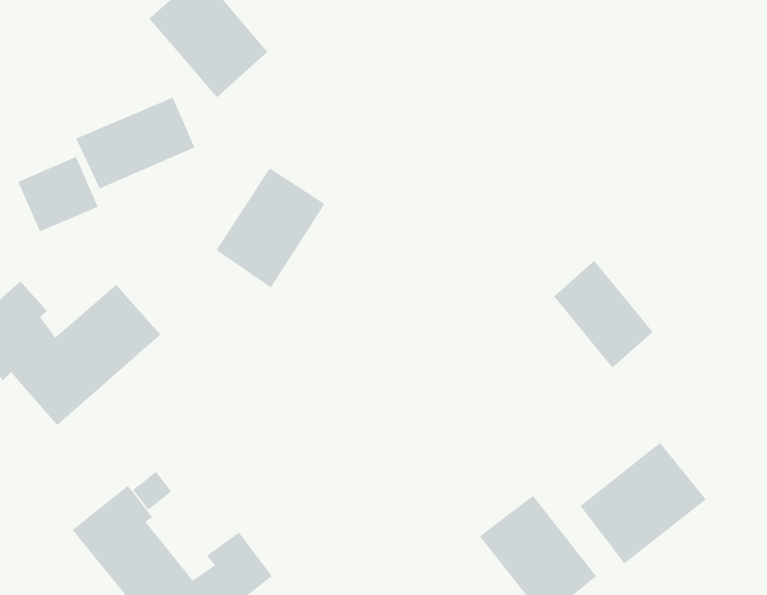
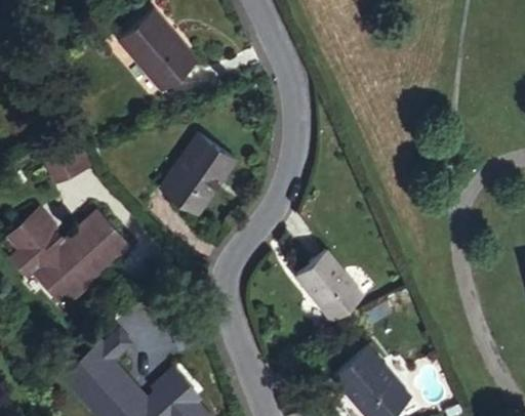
building: [75,97,195,189] -> none
building: [553,260,654,369] -> [296,251,361,321]
building: [579,442,707,565] -> none

